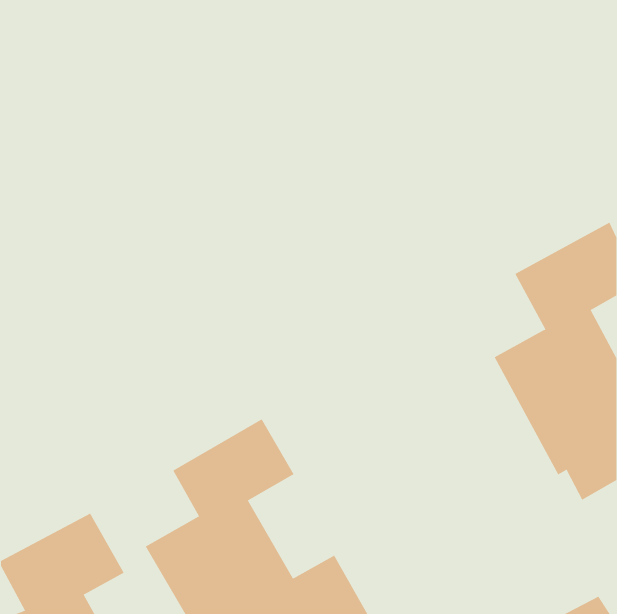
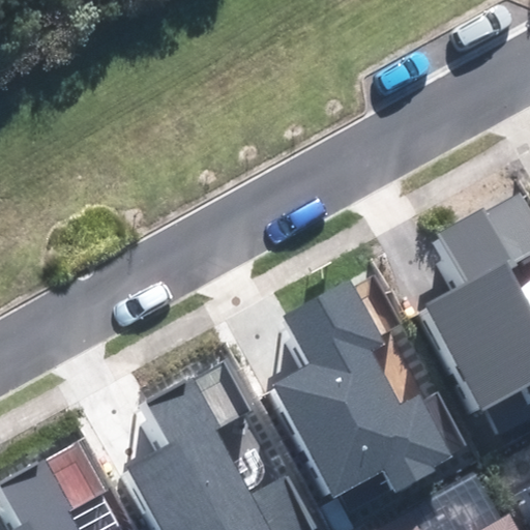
building: none -> [272,279,468,499]

